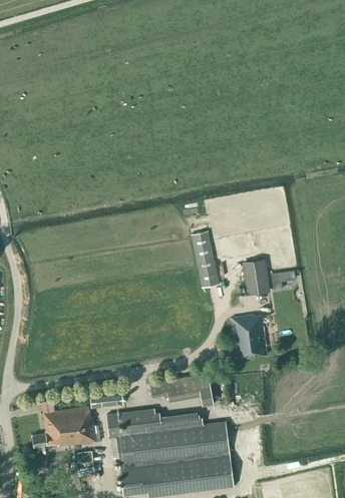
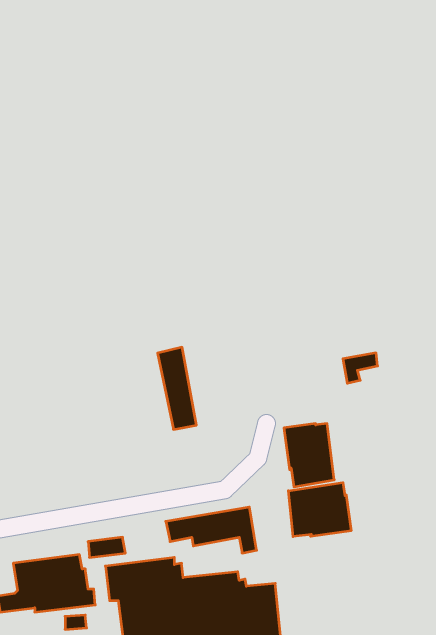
building: [192,231,219,289] -> [158,347,196,429]
building: [242,260,270,296] -> none
building: none -> [288,483,351,537]

